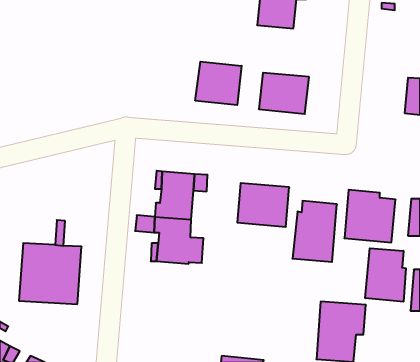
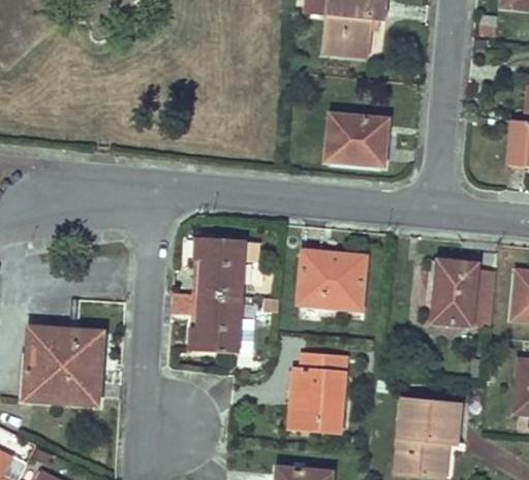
building: [195,62,242,105] -> none
building: [292,201,337,262] -> [289,354,345,430]
building: [365,248,406,302] -> none

